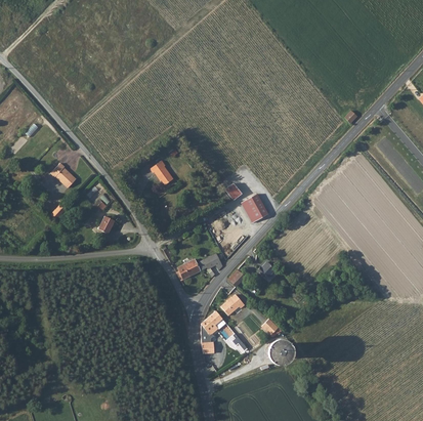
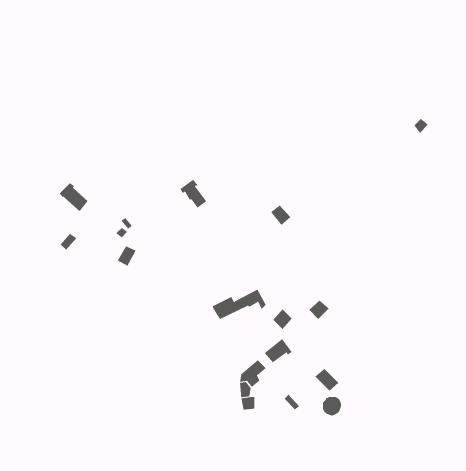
building: [241,194,267,222] -> none

